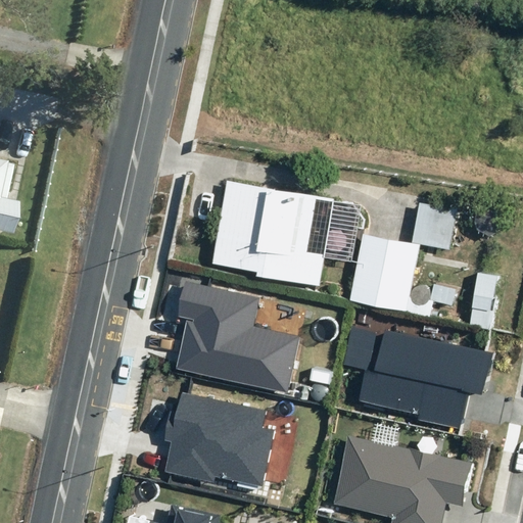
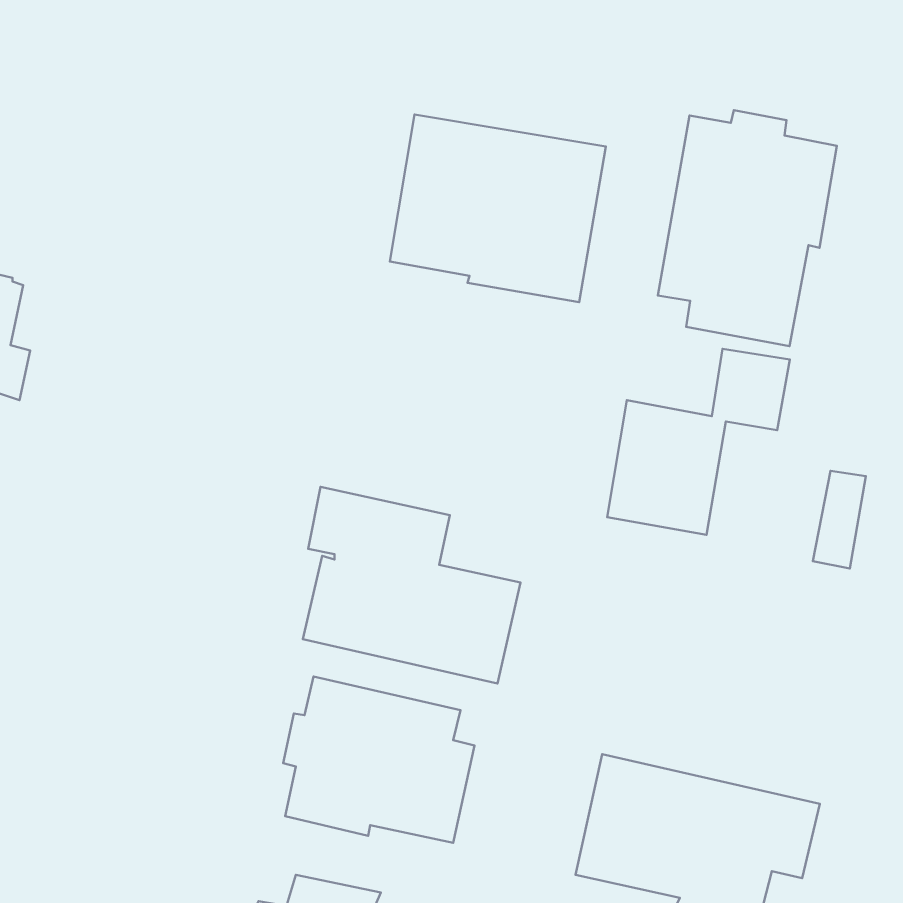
building: none -> [658,110,837,346]
building: [210,180,335,288] -> [390,115,606,302]
building: [344,330,494,430] -> none

